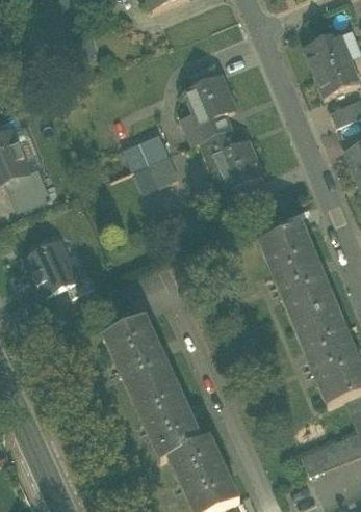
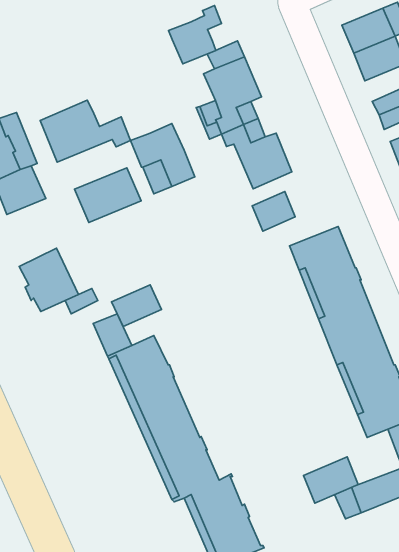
building: none -> [169,5,222,64]
building: none -> [40,100,131,162]
building: none -> [74,168,141,222]
building: none -> [252,192,295,231]
building: none -> [112,285,162,326]
building: none -> [304,457,358,503]

